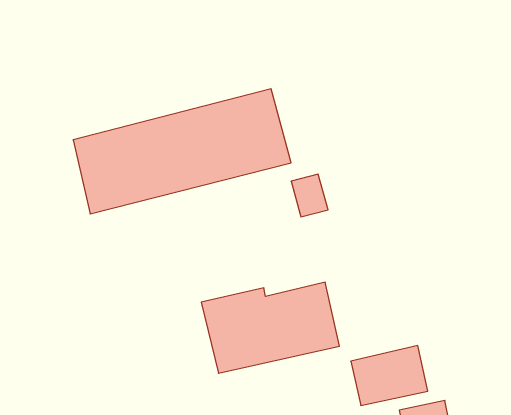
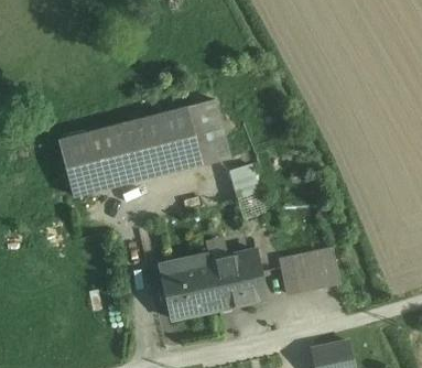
building: [351,346,428,405] -> [279,249,338,295]

